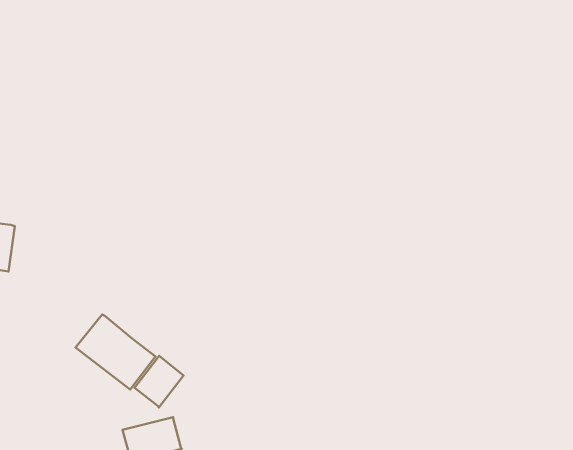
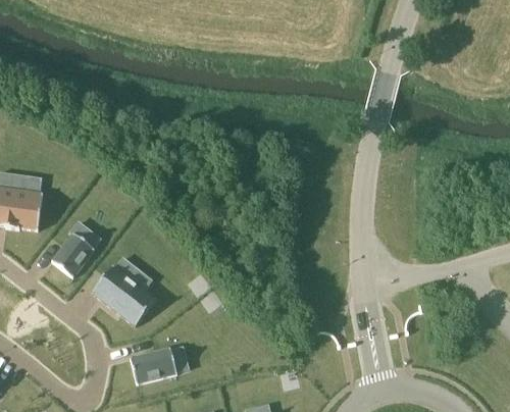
building: none -> [52,219,95,276]
building: [135,356,184,408] -> none

